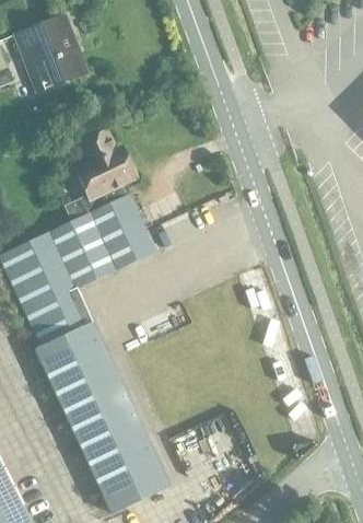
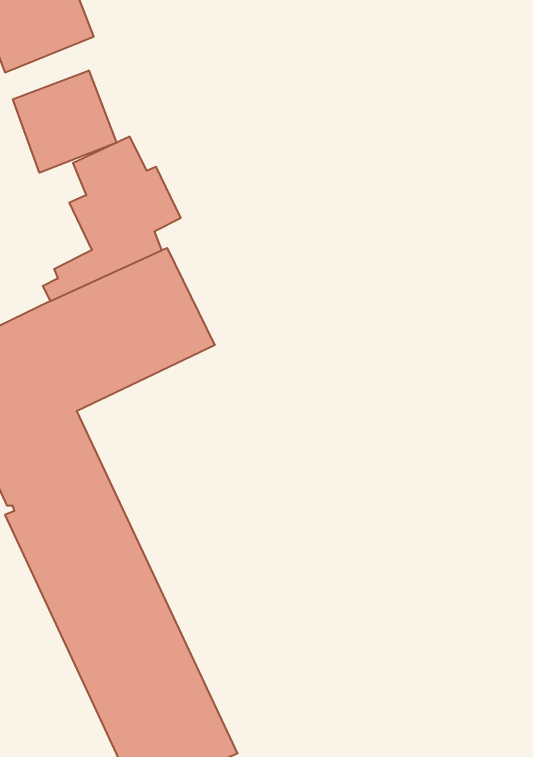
building: none -> [13,70,116,173]

